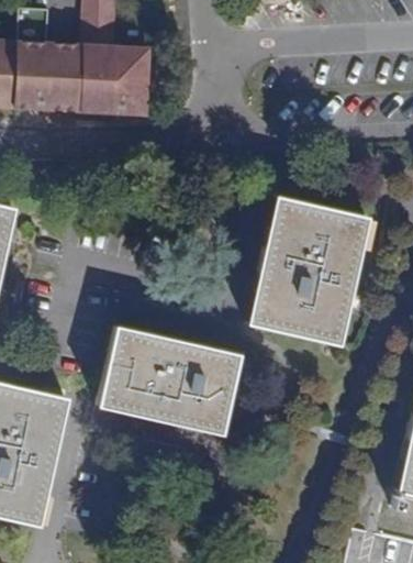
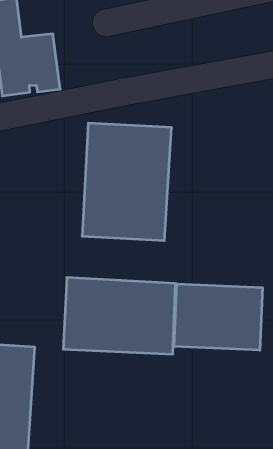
building: [248,199,370,346] -> [82,123,172,241]
building: none -> [174,284,262,350]

